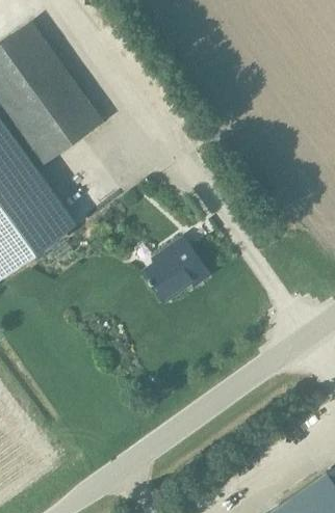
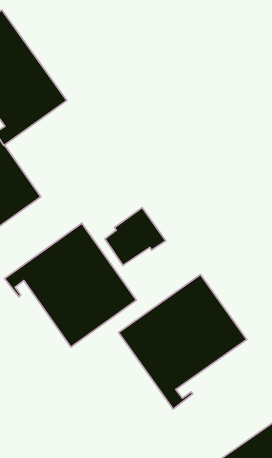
building: none -> [5,223,136,347]
building: none -> [119,274,247,409]

